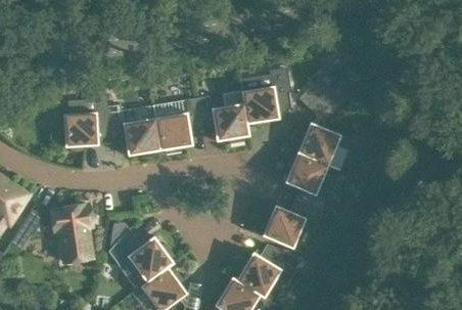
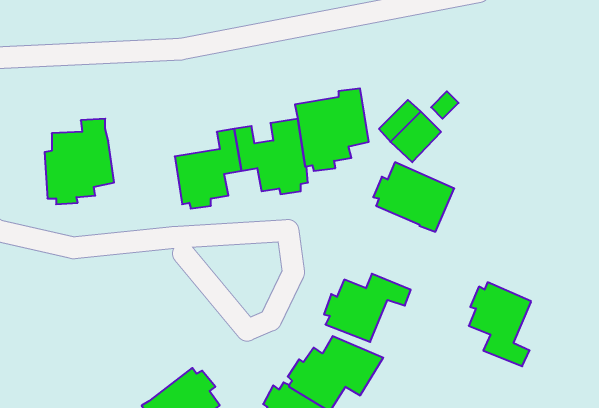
building: [108,103,160,158] -> none
building: [284,151,328,211] -> [469,282,531,366]
building: [47,205,88,261] -> none
building: [108,228,175,290] -> none

